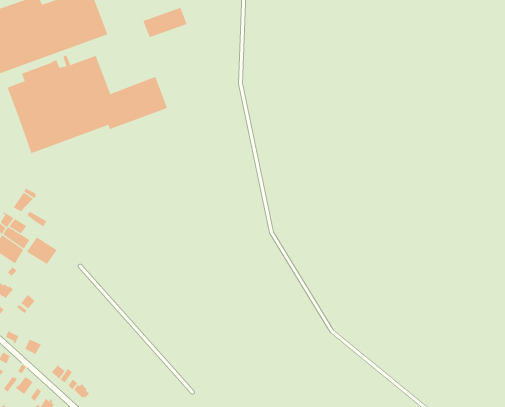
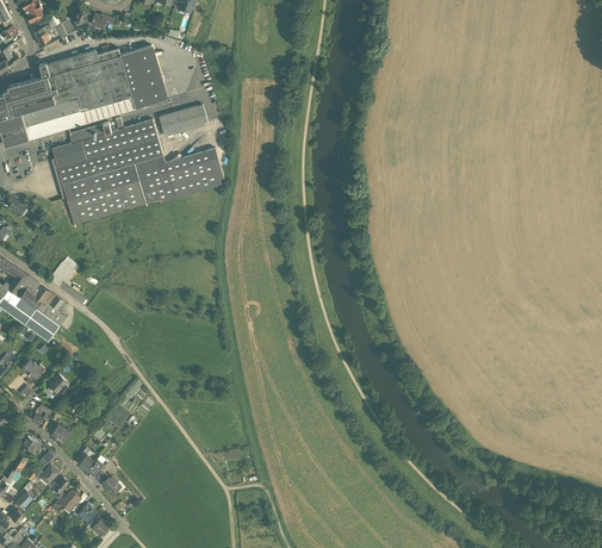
building: [142,7,187,38] -> [159,104,207,135]
building: [26,236,57,265] -> none

